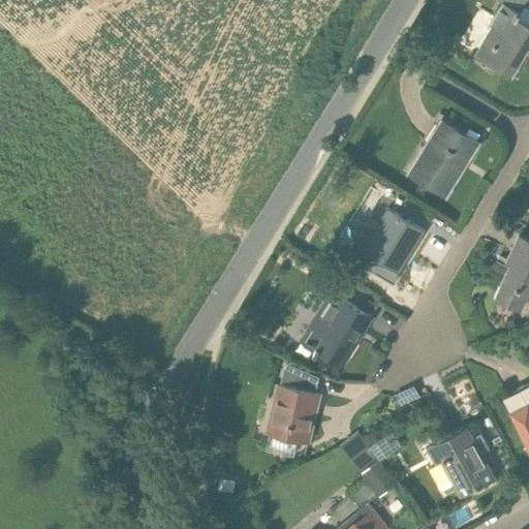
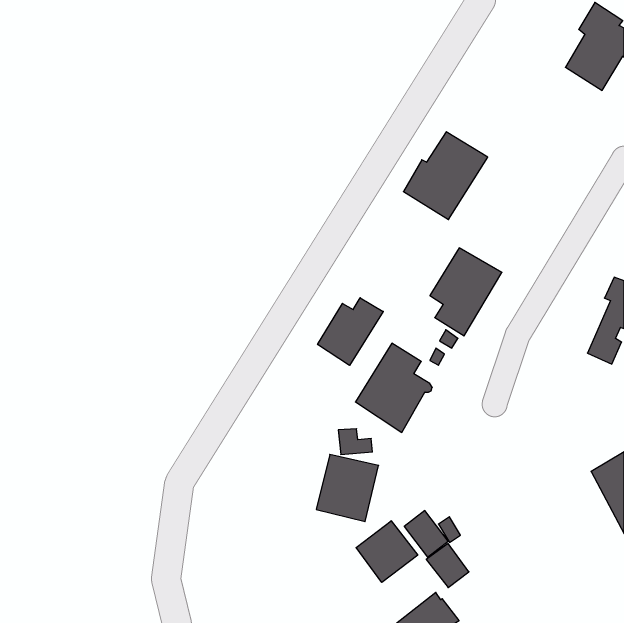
building: [409,123,480,197] -> [403,132,488,220]
building: none -> [318,298,383,365]
building: [427,427,495,496] -> none
building: none -> [356,521,418,582]

